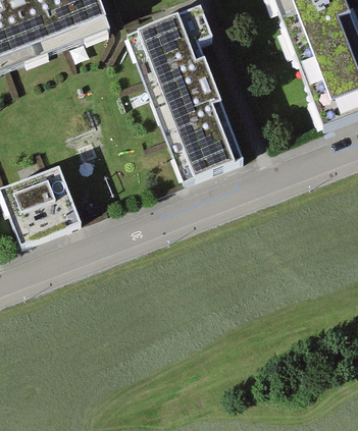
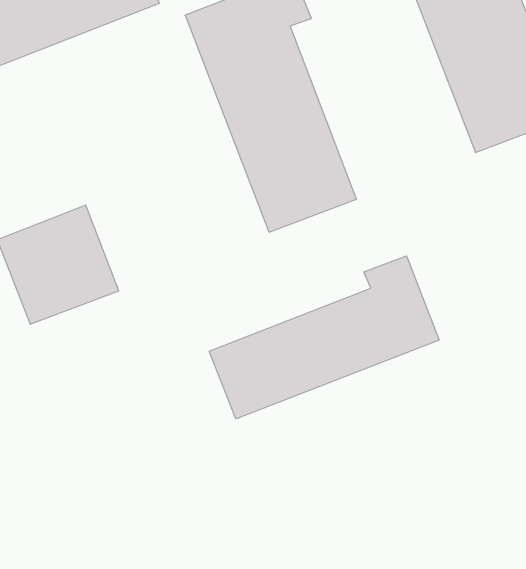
building: none -> [209,256,439,419]

